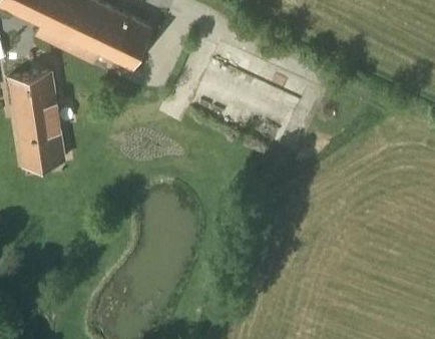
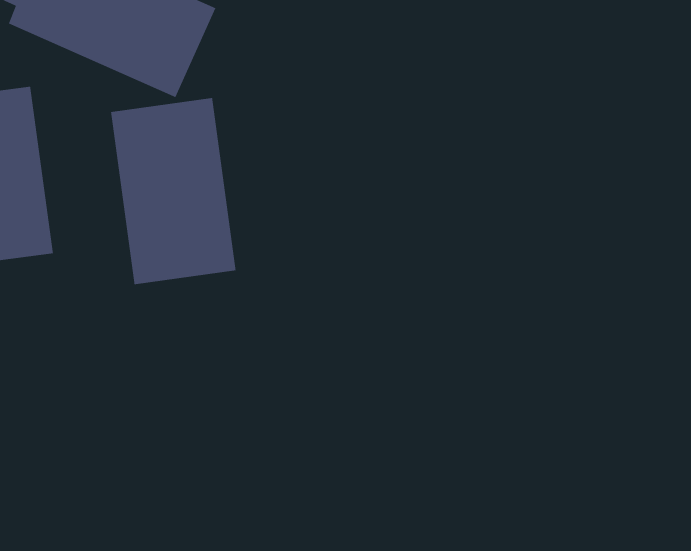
building: none -> [110,97,237,285]

